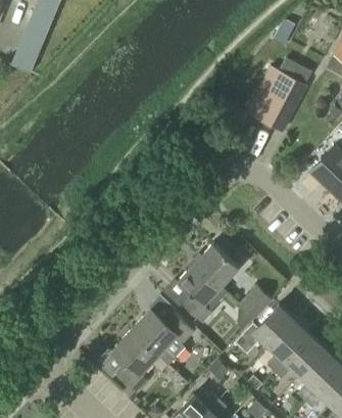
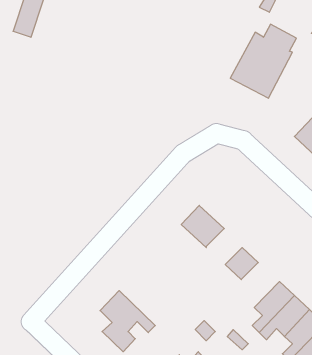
building: [176,262,228,323] -> none
building: [234,305,294,353] -> none
building: [131,308,194,365] -> none

